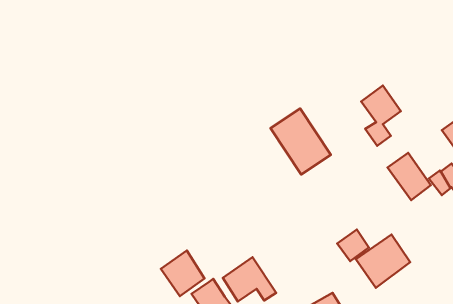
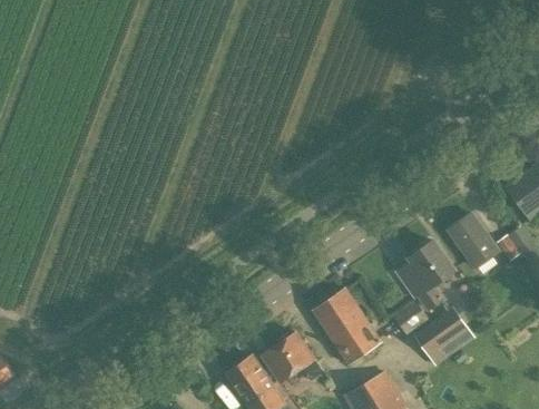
building: [361,86,401,146] -> [409,240,453,308]
building: [271,108,331,174] -> [312,288,380,362]
building: [161,251,205,296] -> none

